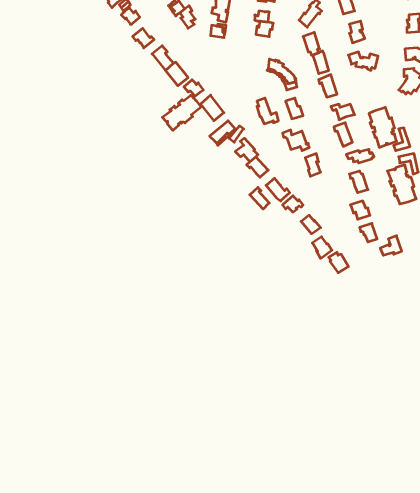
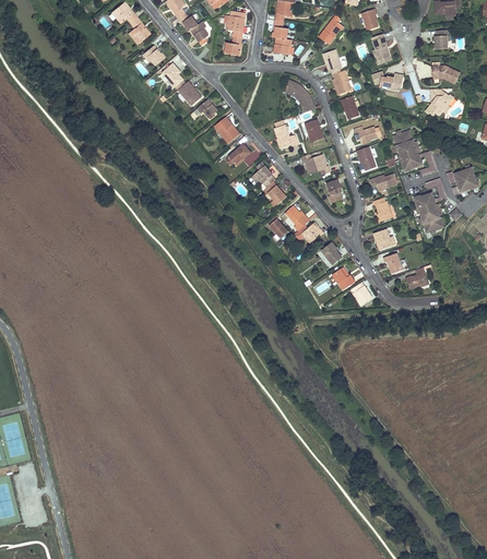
building: [162,95,201,130] -> none

